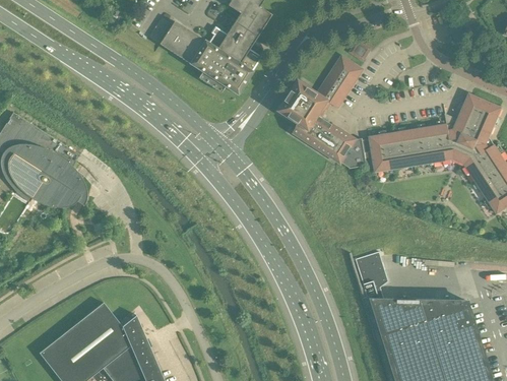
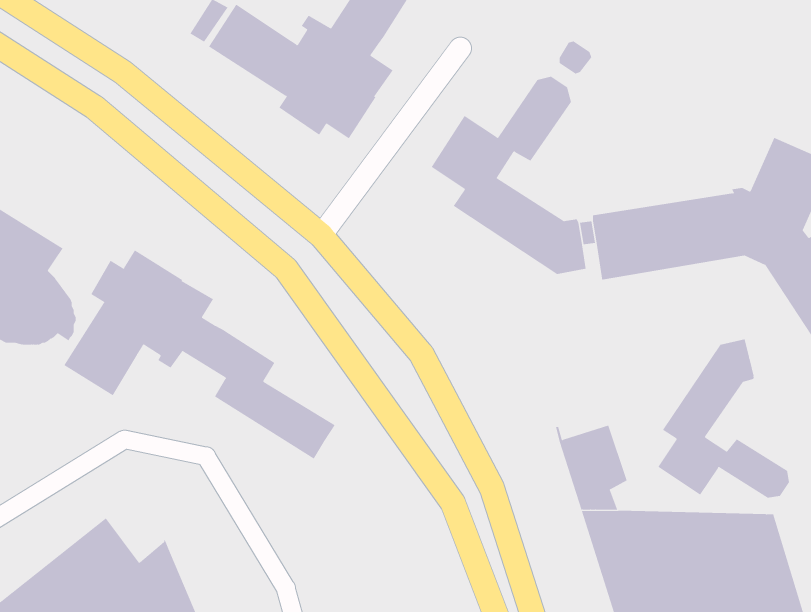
building: none -> [63,249,335,460]
building: none -> [658,339,789,499]

